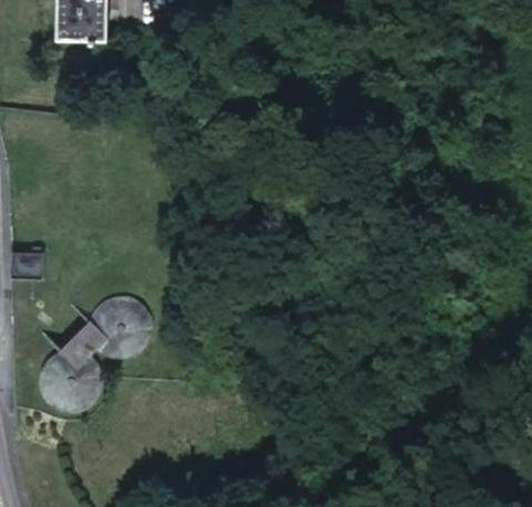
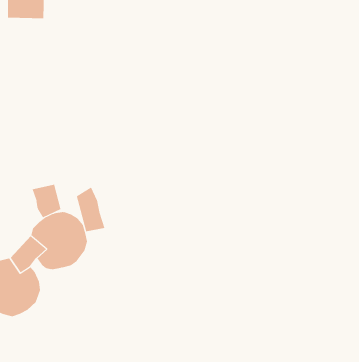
building: none -> [32,184,61,218]
building: none -> [76,186,105,232]

